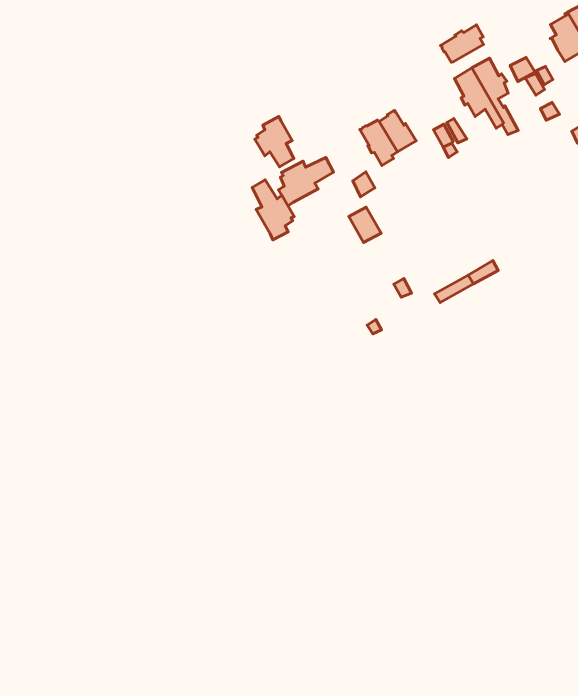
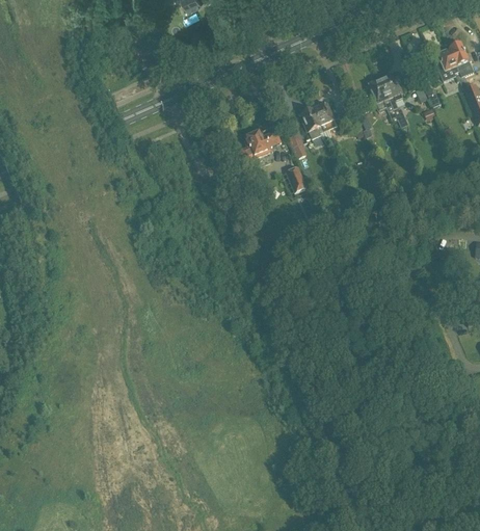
building: [440,25,483,62] -> none
building: [255,116,294,167] -> none
building: [252,180,294,240] -> none

